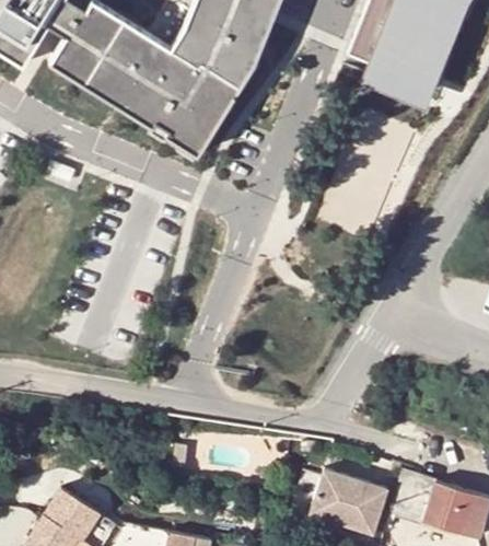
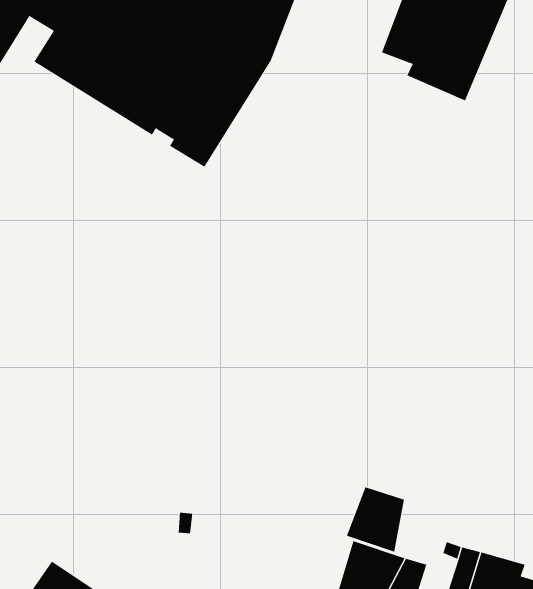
building: none -> [346,487,404,553]

